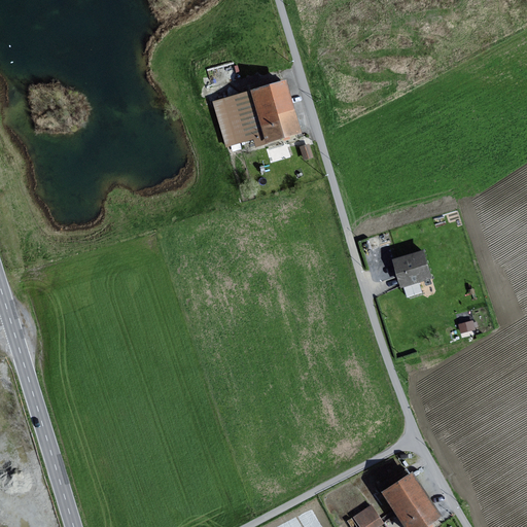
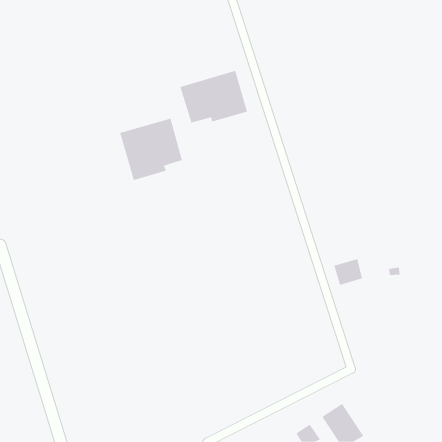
building: none -> [119,118,183,181]
building: [395,252,430,284] -> [333,259,363,285]

